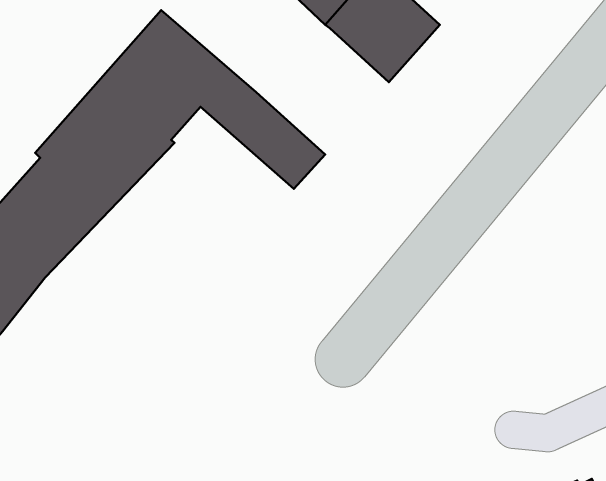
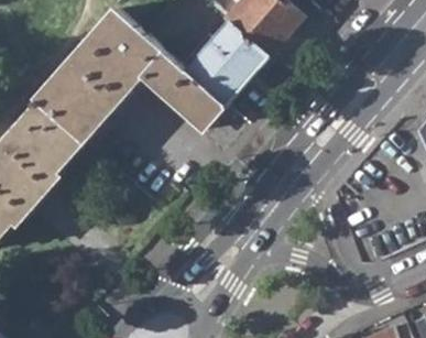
building: none -> [182,21,271,106]

